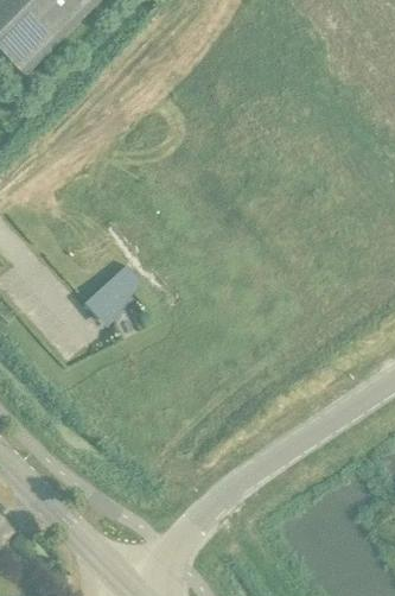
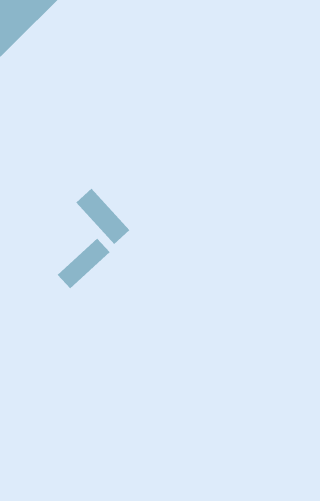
building: none -> [75,188,130,245]

